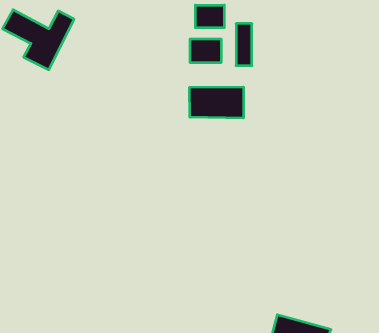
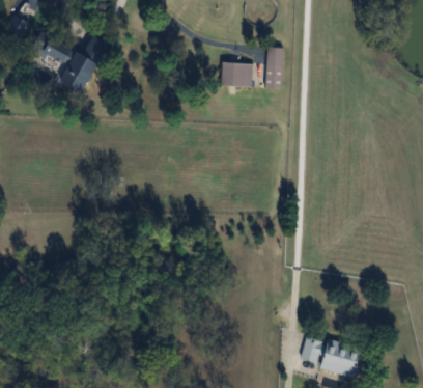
building: [195,5,224,28] -> none
building: [190,87,243,118] -> none

